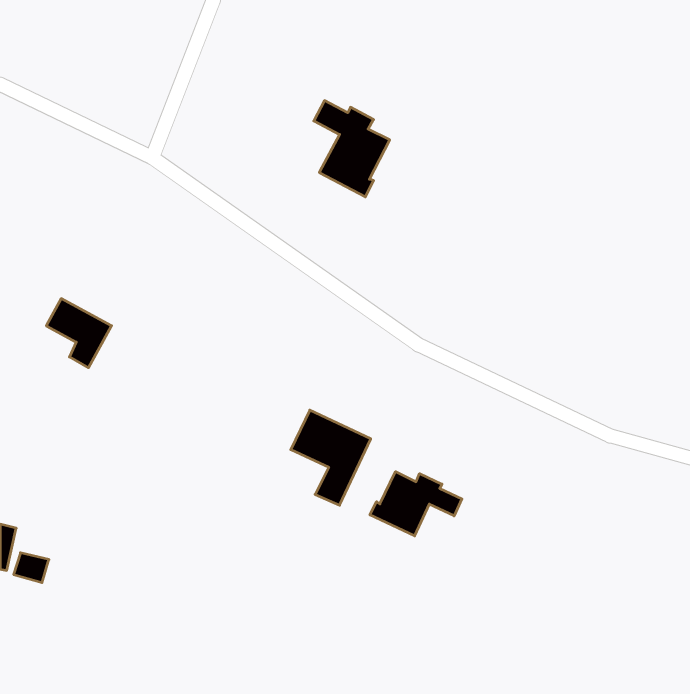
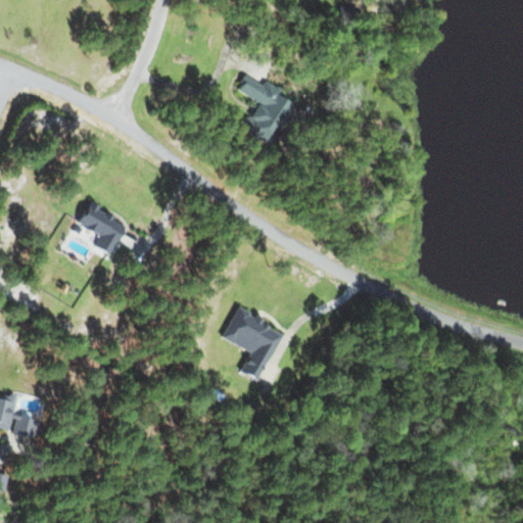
building: [46,299,112,368] -> [78,203,127,255]
building: [370,472,462,536] -> none

